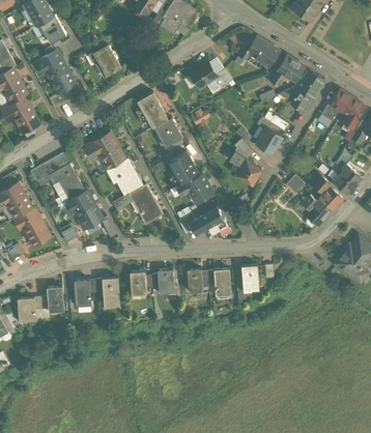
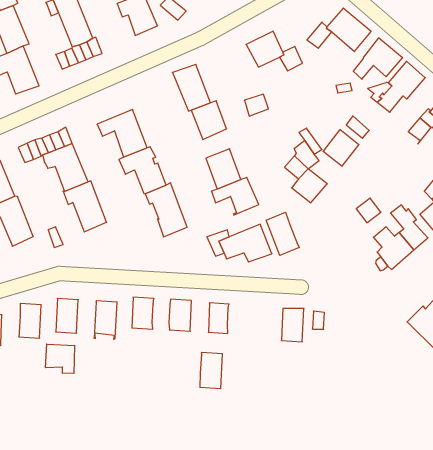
building: none -> [266,212,299,255]
building: [213,267,231,294] -> [200,352,222,389]
building: none -> [46,344,74,373]

